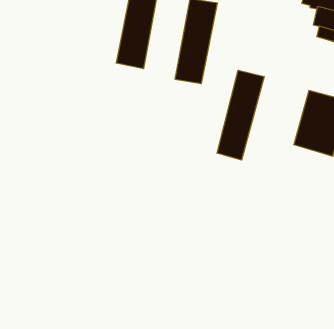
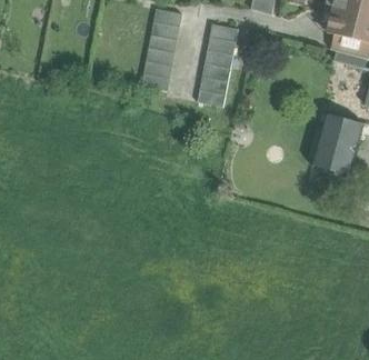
building: [217,70,264,160] -> none

